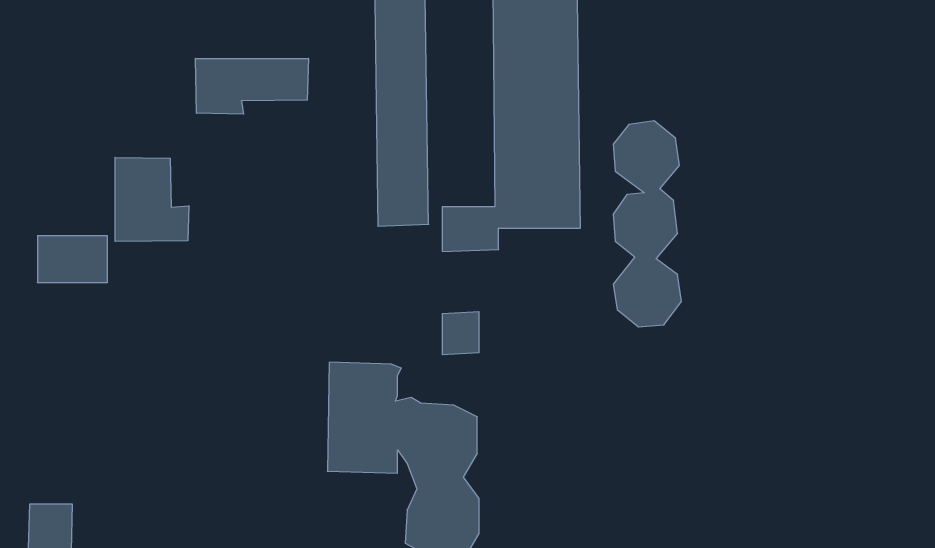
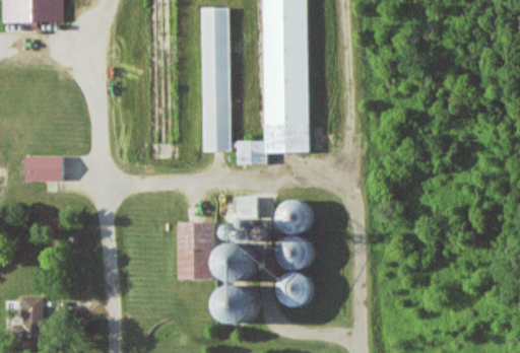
building: [195,58,308,114] -> none
building: [613,121,681,327] -> [277,200,313,307]
building: [115,157,189,241] -> none

